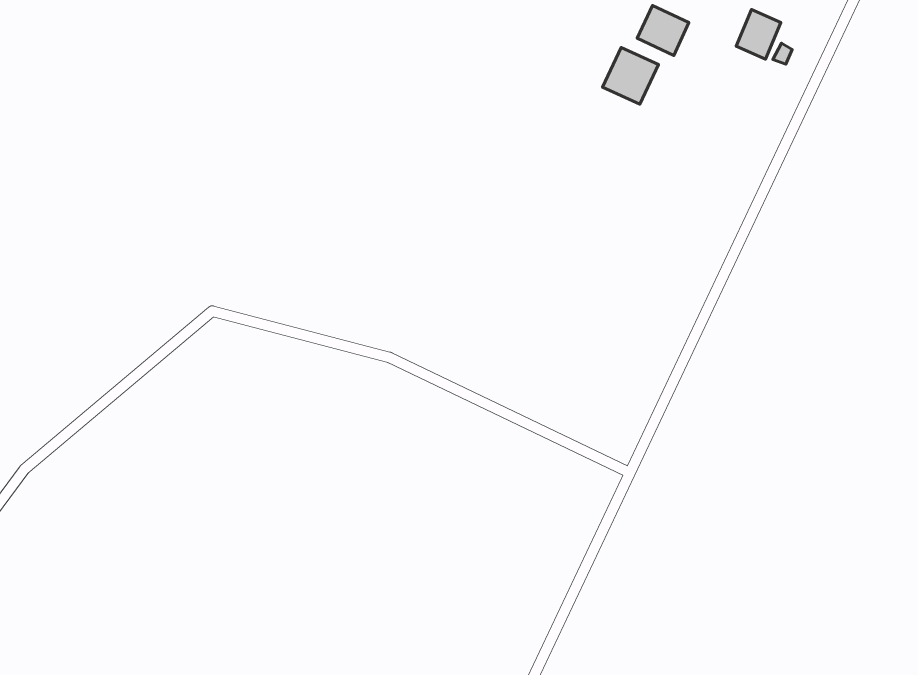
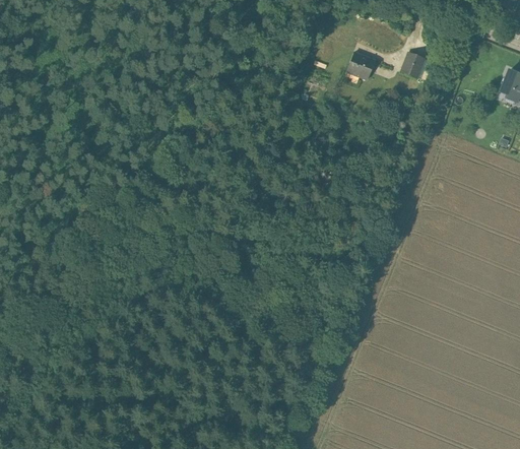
building: [602,48,659,104] -> none

